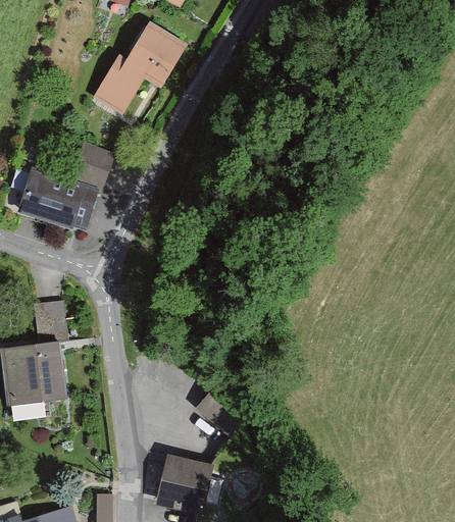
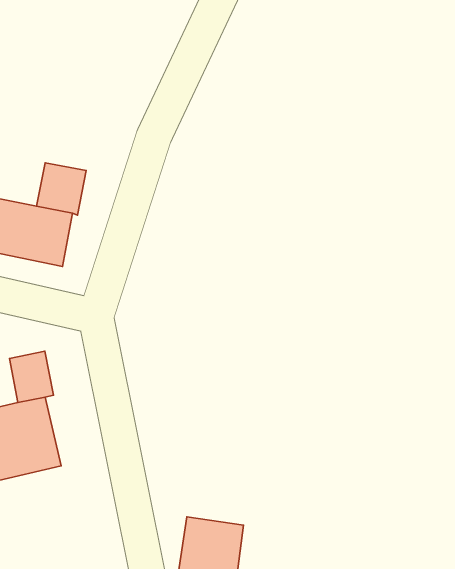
building: [92,20,189,116] -> none

